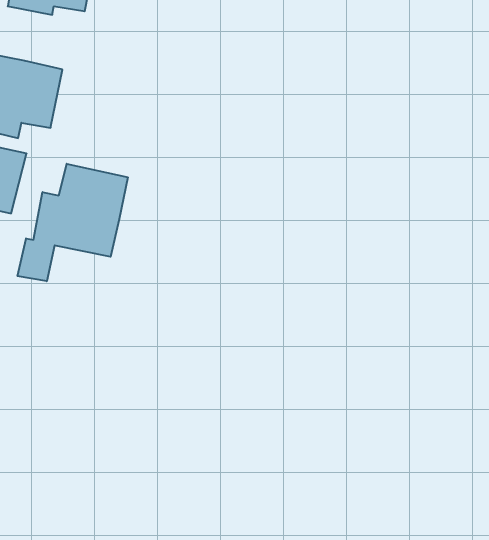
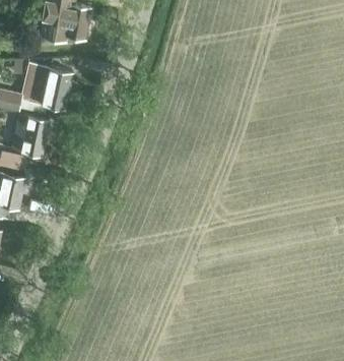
building: [18,164,128,281] -> none

